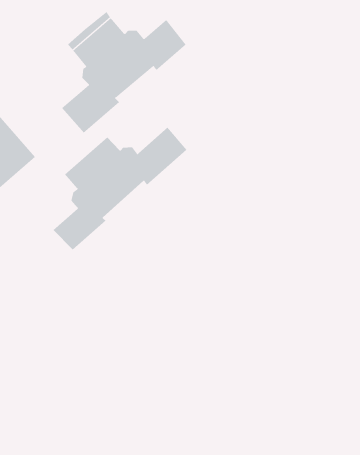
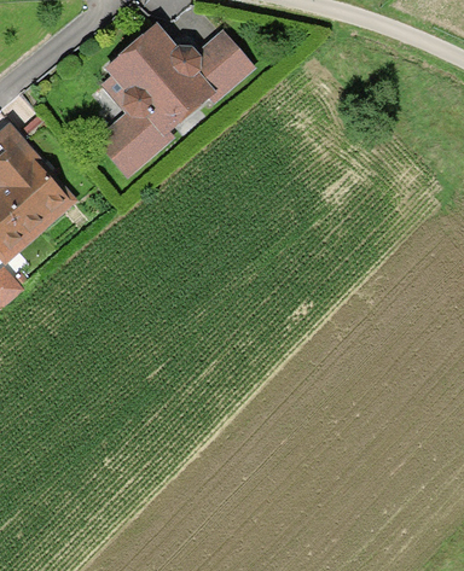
building: [52,127,187,251] -> none

